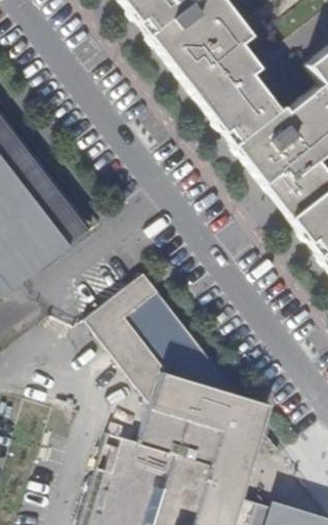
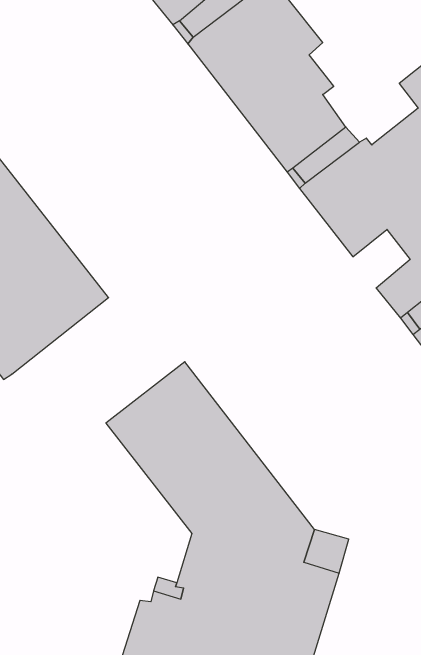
building: [274,174,317,218] -> none

